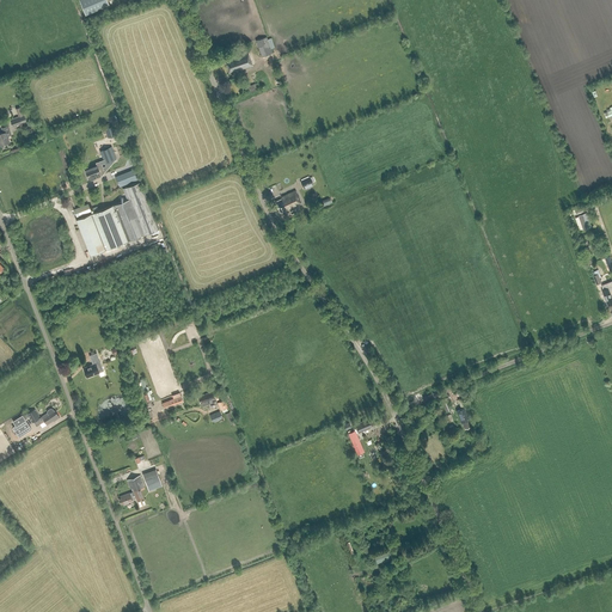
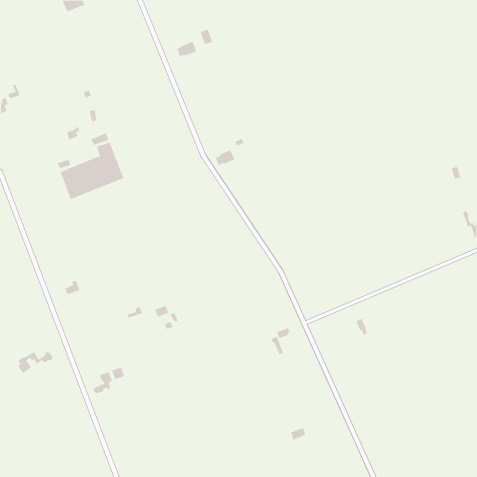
building: [12,409,60,437] -> [17,351,54,374]

